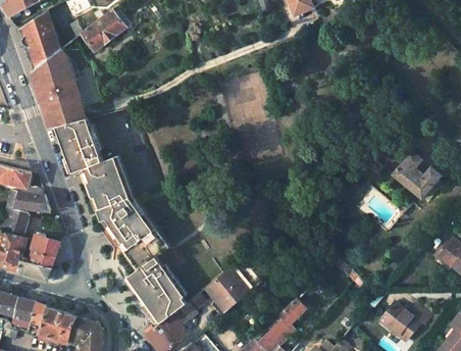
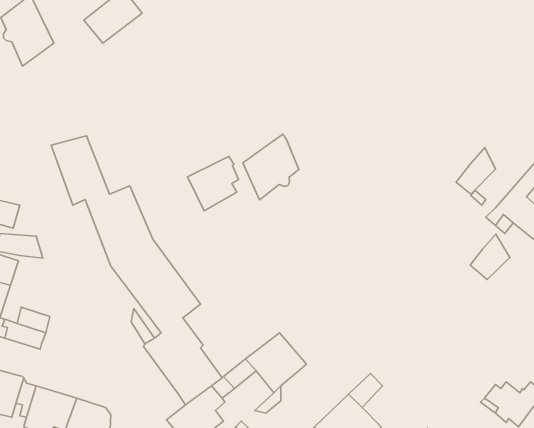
building: [31,50,83,129] -> none
building: none -> [243,134,299,200]
building: none -> [456,148,496,194]
building: none -> [187,156,238,211]
building: none -> [470,234,510,280]
building: [31,234,60,255] -> none

